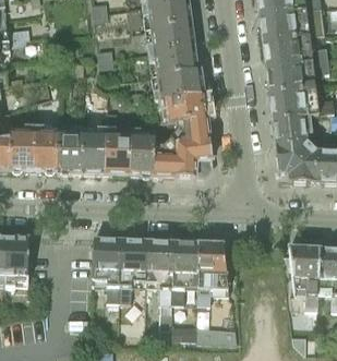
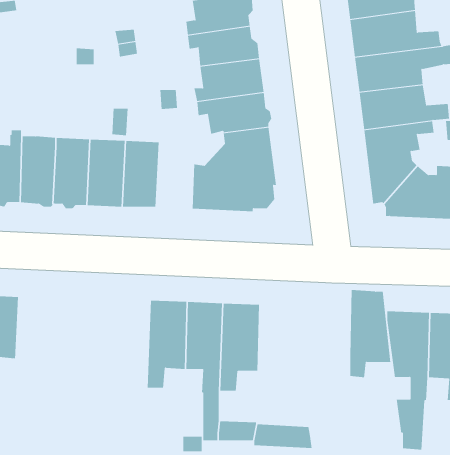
building: [127,127,153,177] -> none
building: [93,237,122,300] -> none
building: [198,241,228,303] -> [349,290,391,378]

